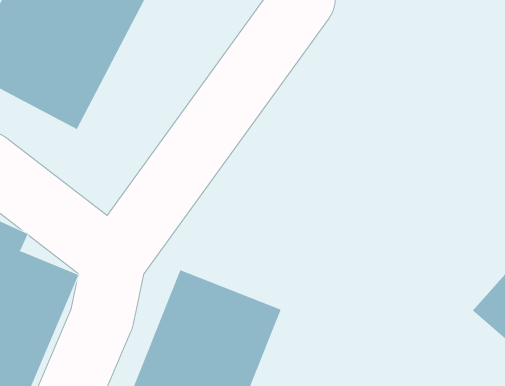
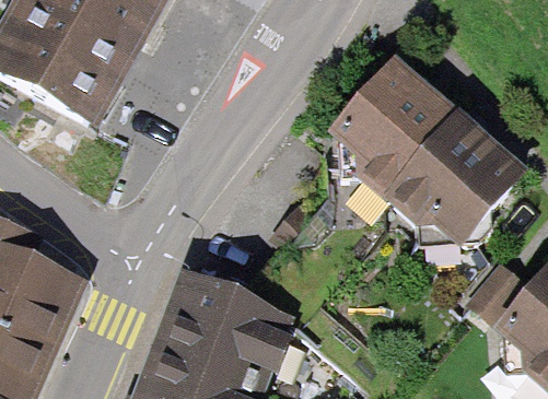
building: none -> [330,62,513,235]

